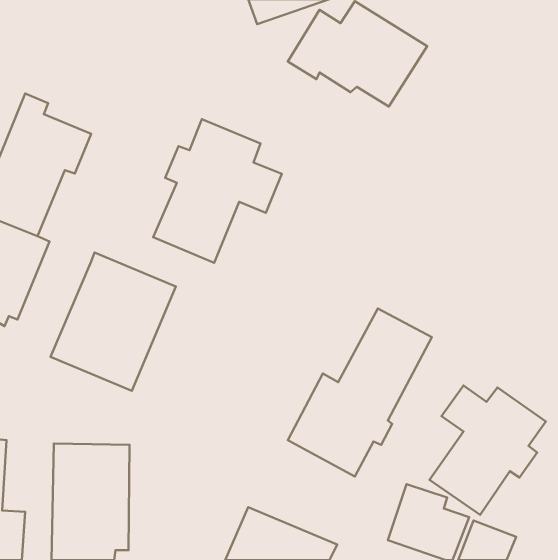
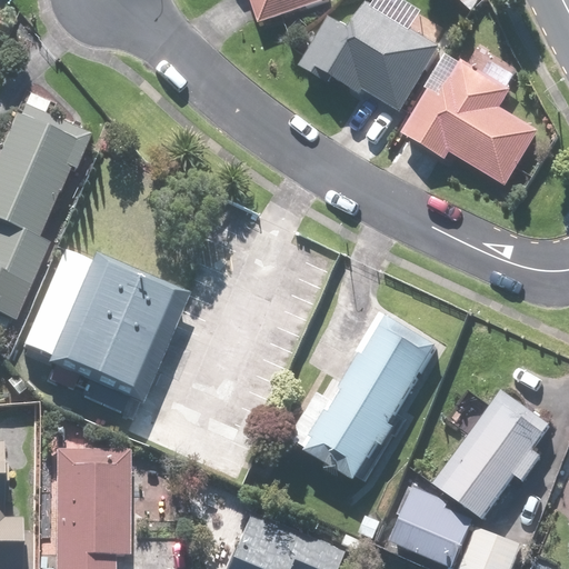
building: none -> [401,46,539,188]
building: [153,119,282,263] -> none
building: none -> [22,251,92,361]

